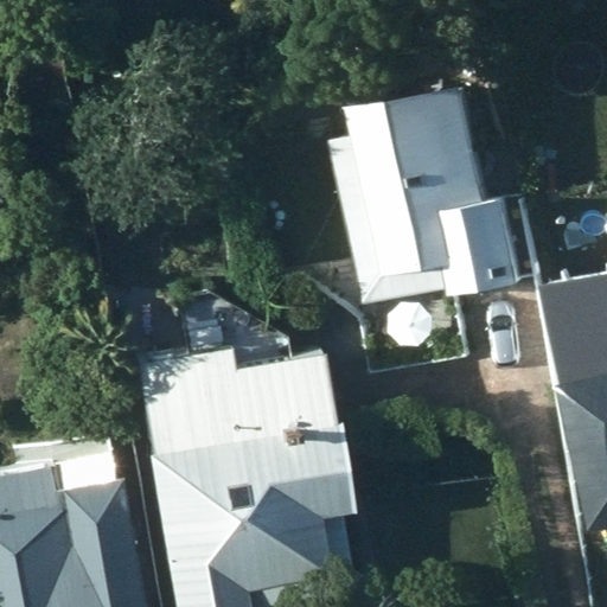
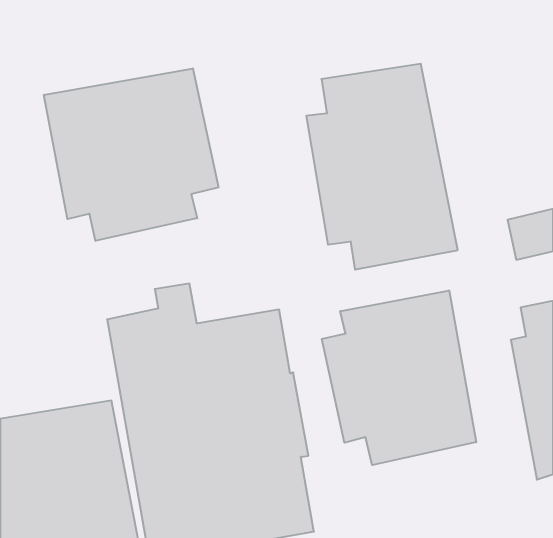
building: none -> [44,68,218,241]
building: none -> [322,290,476,465]

